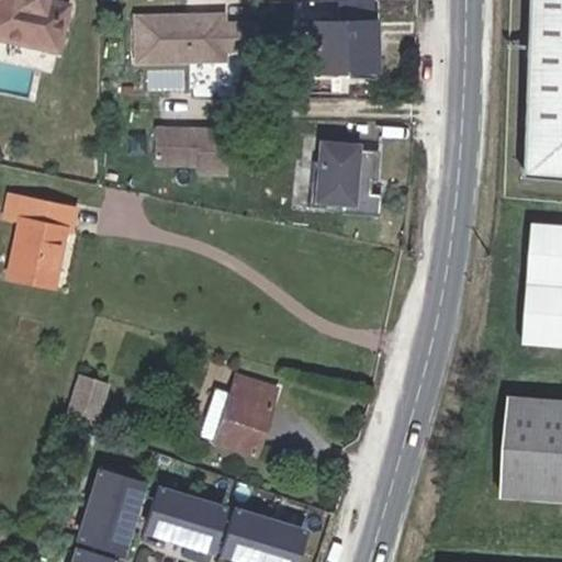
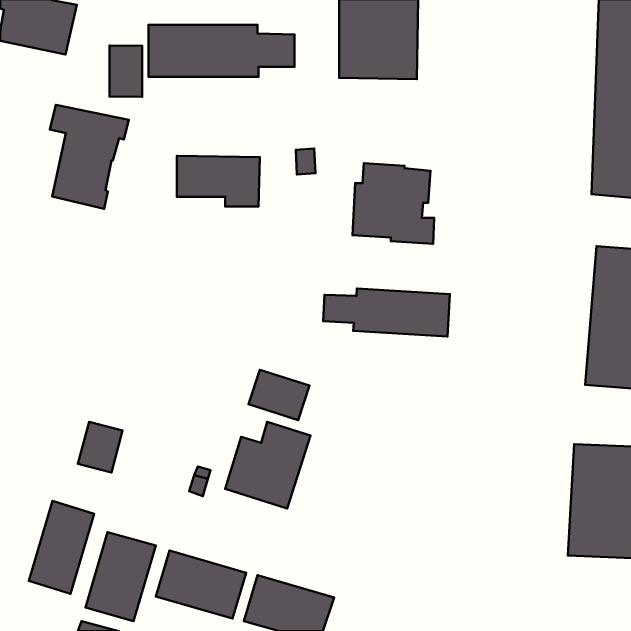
building: none -> [110,46,142,97]
building: [7,194,77,286] -> [50,105,129,209]
building: none -> [323,289,450,336]
building: none -> [249,370,309,420]
building: none -> [29,501,94,594]

